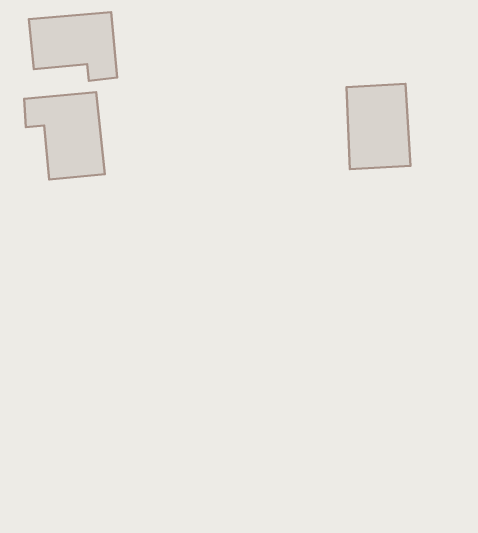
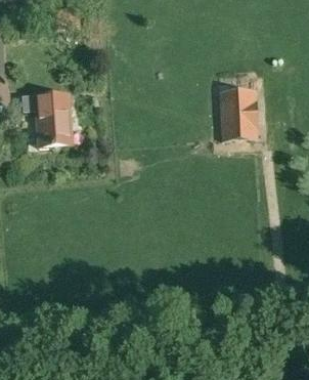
building: [29,12,117,81] -> none

